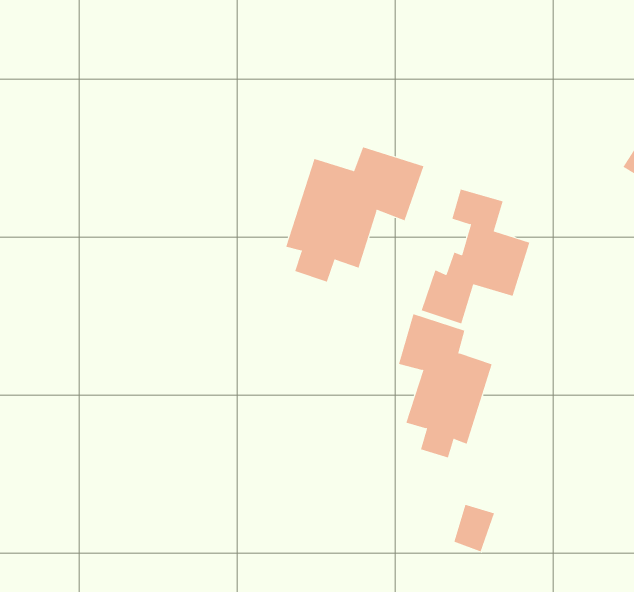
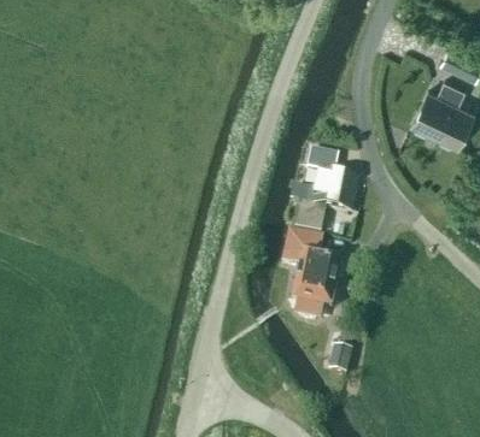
building: [285,146,424,283] -> none

